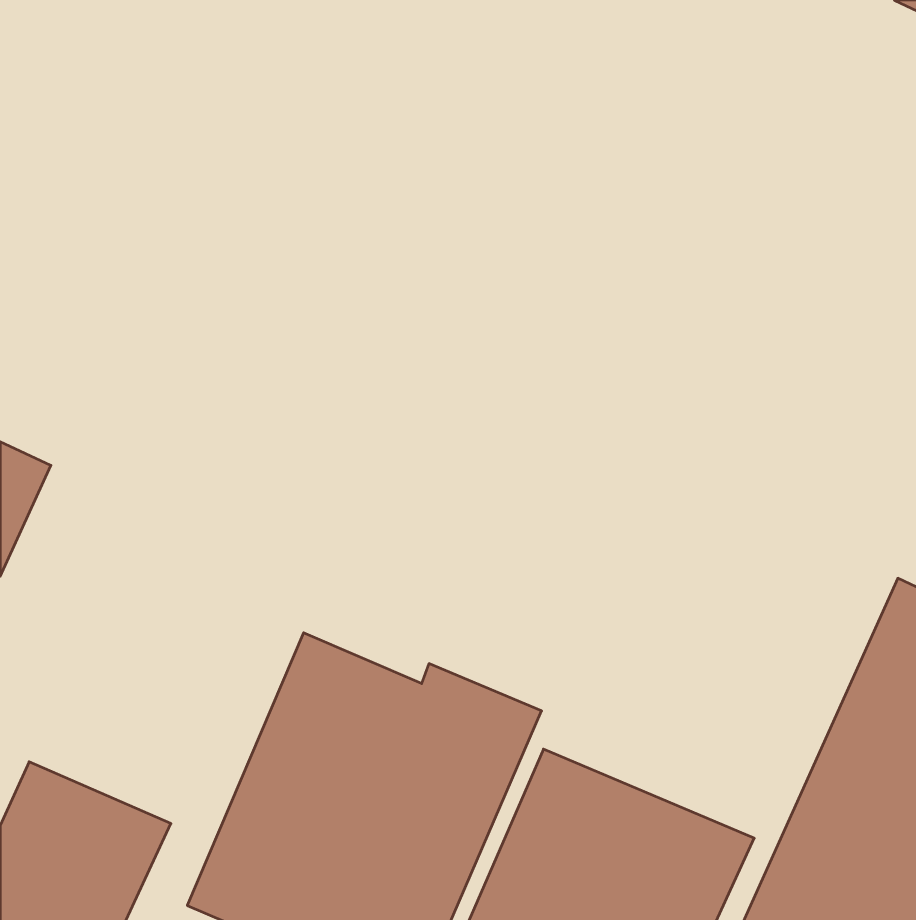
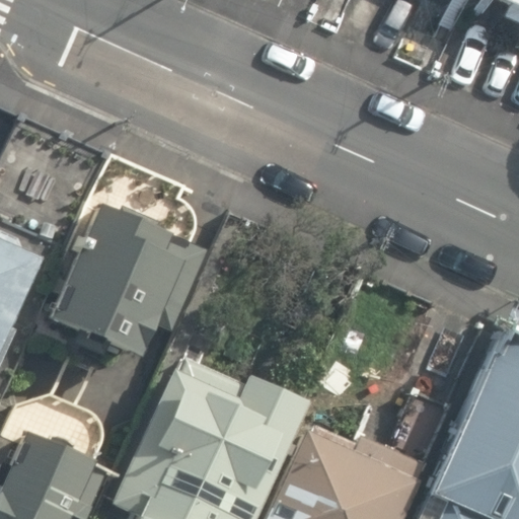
building: none -> [46,182,197,358]

